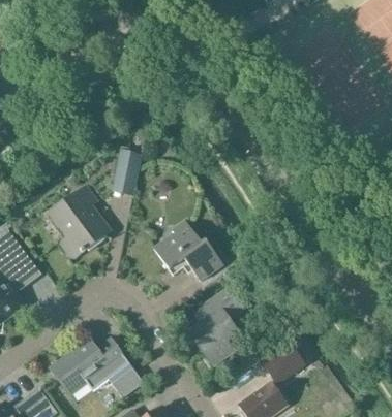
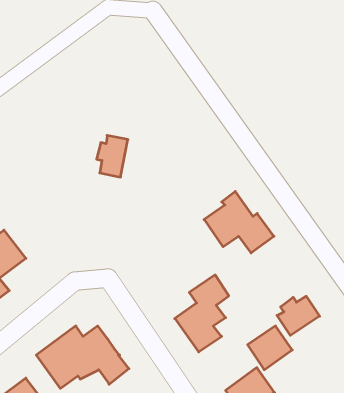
building: [50,186,110,258] -> none
building: [154,220,223,281] -> [204,191,274,253]
building: none -> [277,296,320,335]

